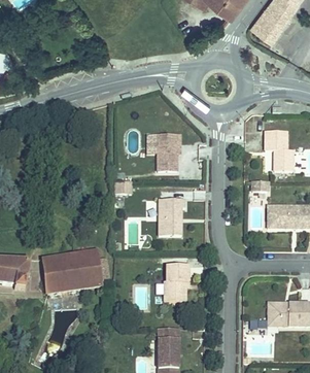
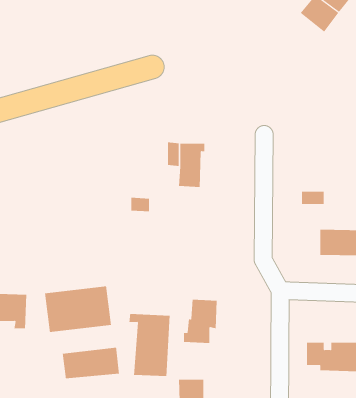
building: [268,131,297,171] -> none
building: [160,199,185,235] -> none
building: none -> [129,313,170,377]
building: none -> [62,347,120,379]

